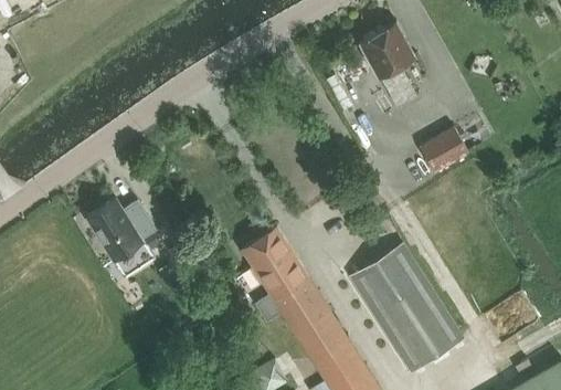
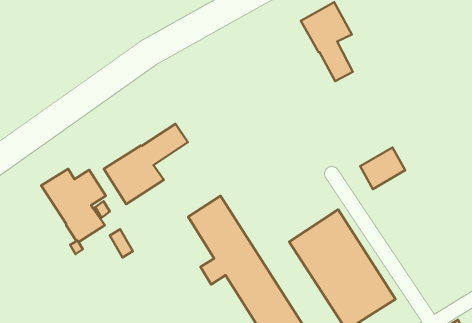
building: [422,128,469,172] -> [360,147,405,189]
building: none -> [104,124,188,204]

